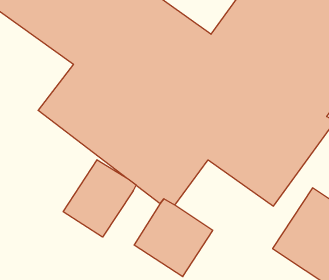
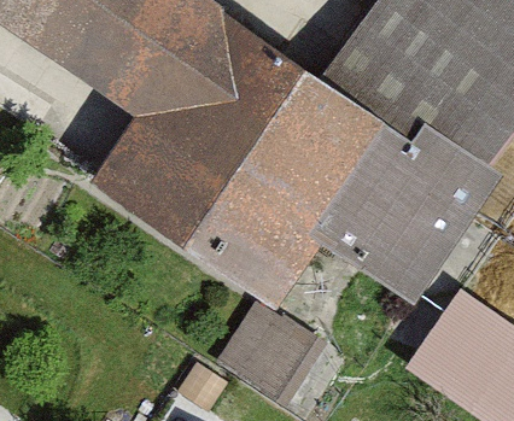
building: [63,160,136,237] -> none

